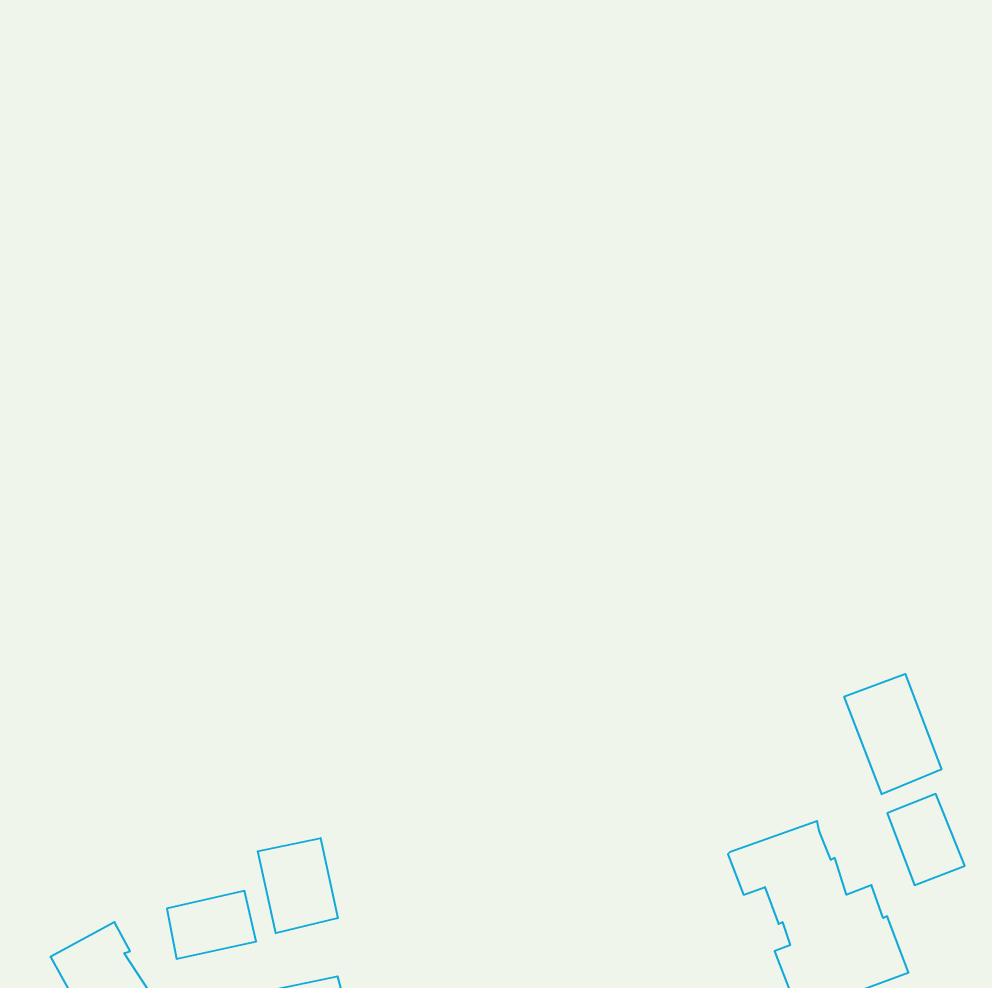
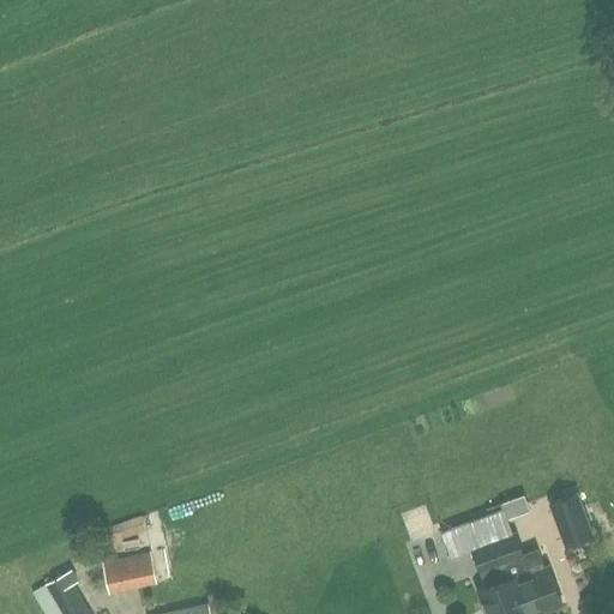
building: [844,674,941,794] -> none
building: [258,838,338,933] -> none

